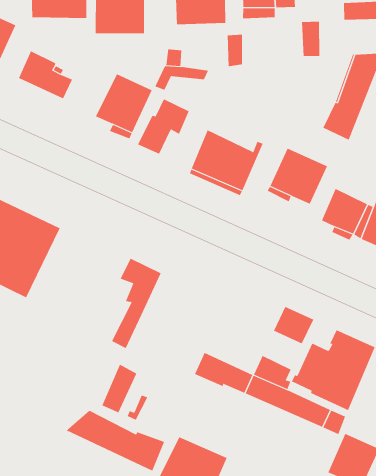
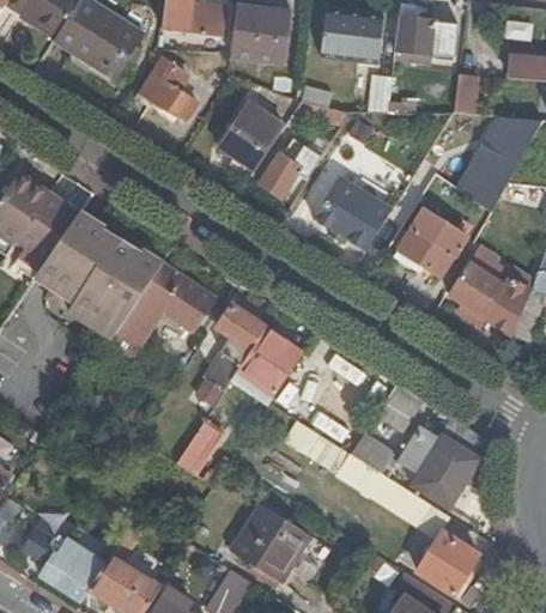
building: none -> [113,262,217,352]
building: none -> [238,327,304,395]
building: [65,410,165,472] -> none

